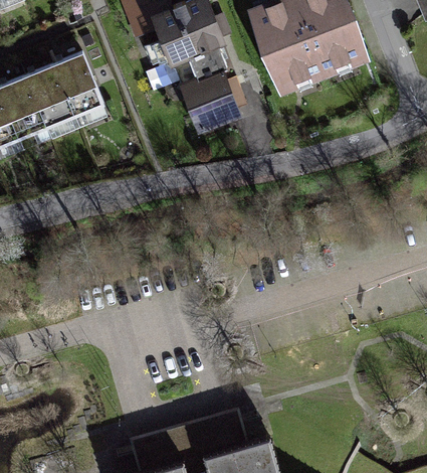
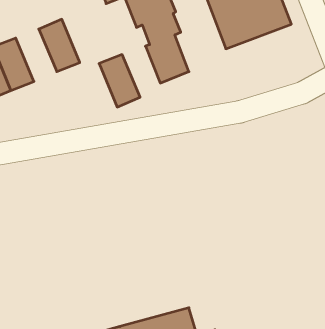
building: [25,67,75,132] -> [99,55,140,107]

